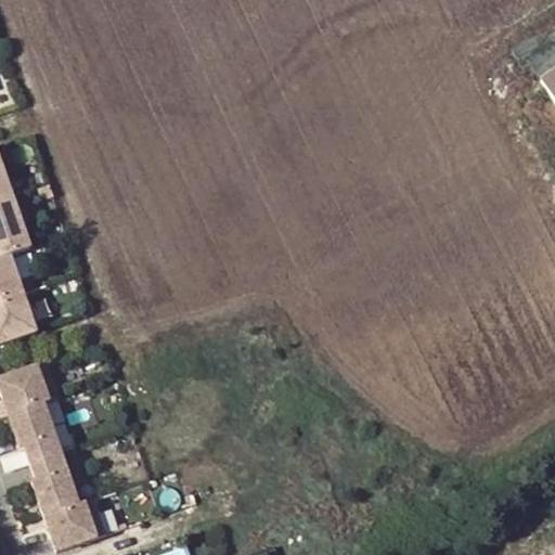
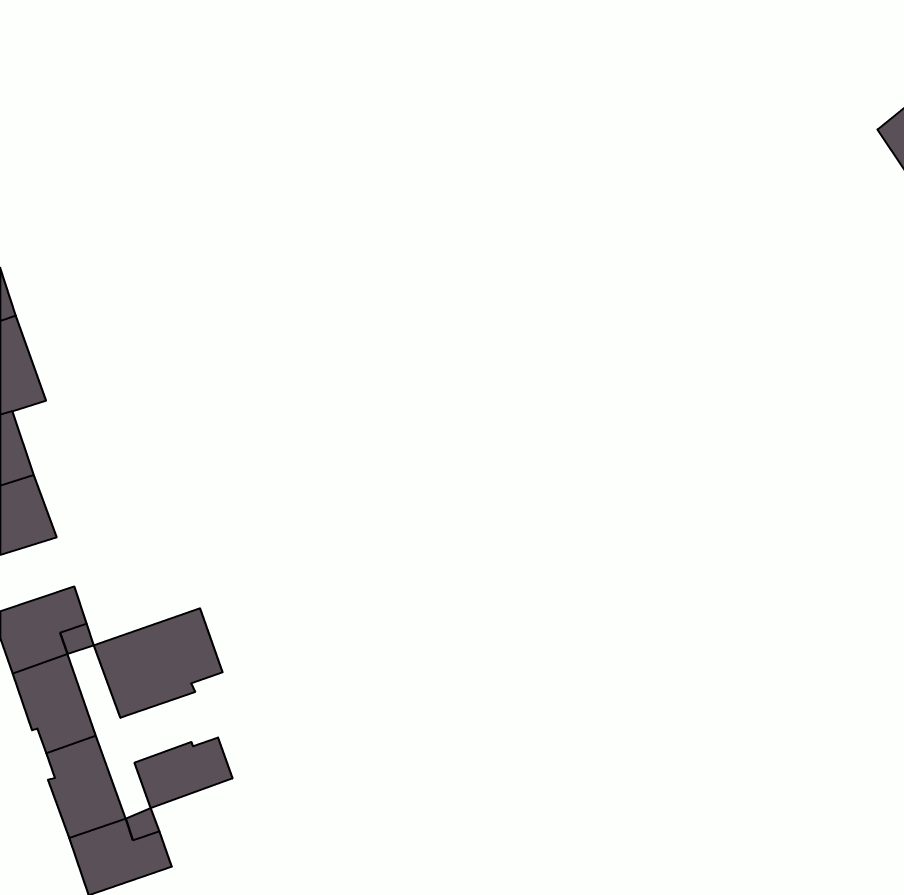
building: none -> [94,608,223,718]
building: none -> [135,737,232,808]

